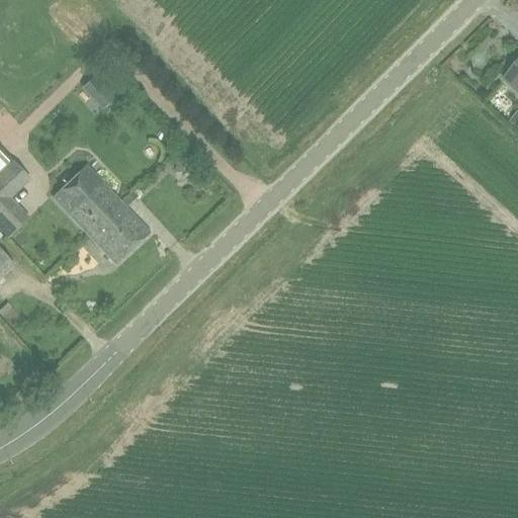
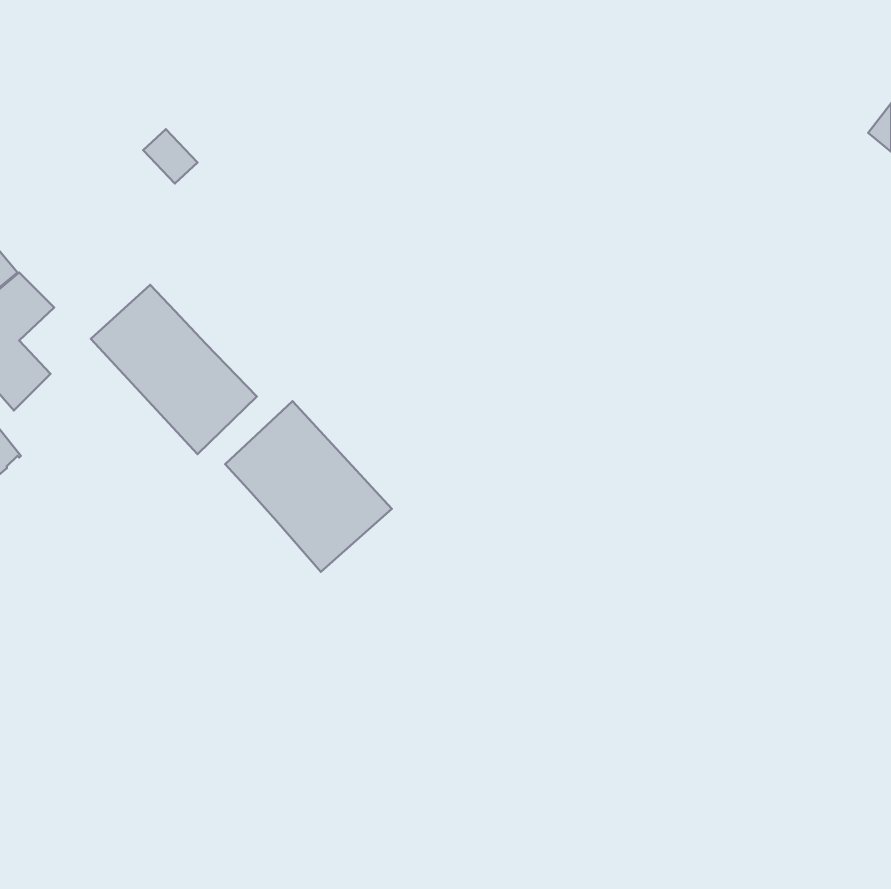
building: none -> [225,401,392,572]

